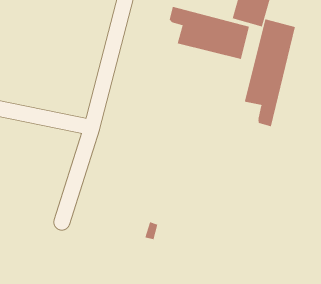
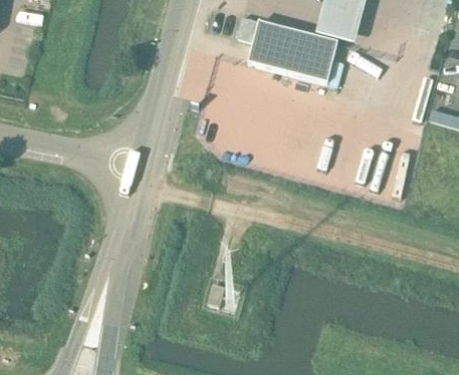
building: [244,19,296,127] -> none

